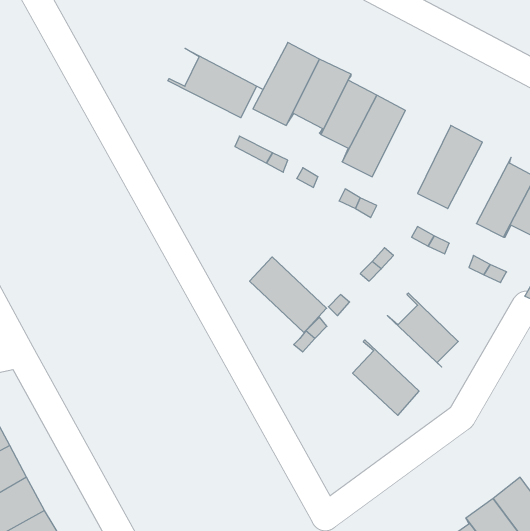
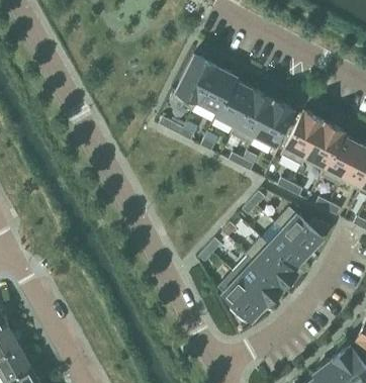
building: [168,48,263,118] -> none
building: none -> [251,100,293,146]
building: none -> [301,121,344,176]
building: [250,257,327,332] -> [246,237,297,288]
building: none -> [275,207,324,255]
building: none -> [222,276,268,322]

